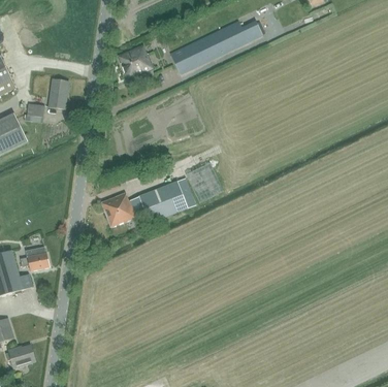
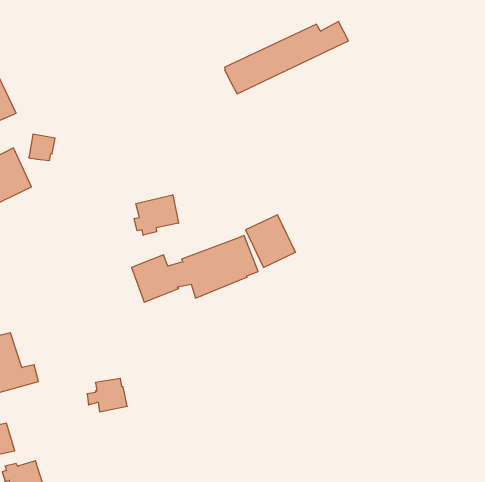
building: [117,45,154,79] -> none
building: [47,78,68,108] -> none
building: none -> [134,195,179,235]
building: [20,247,50,271] -> [87,378,127,412]

